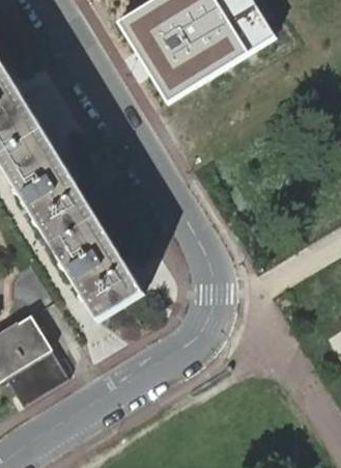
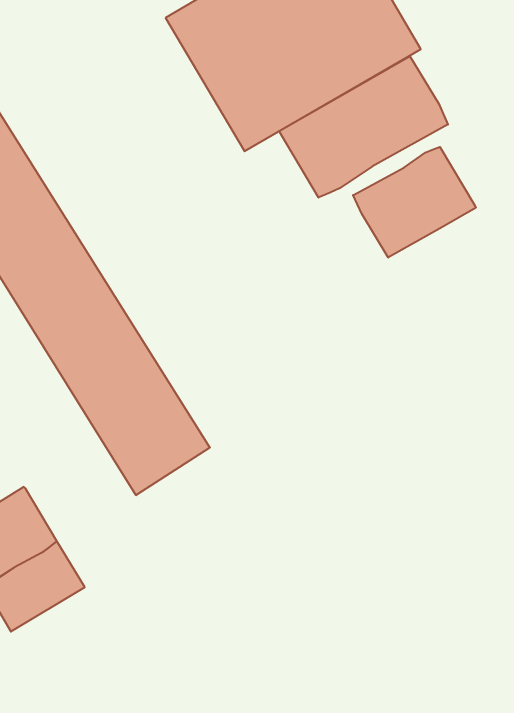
building: none -> [280,56,448,198]
building: none -> [353,147,476,258]

